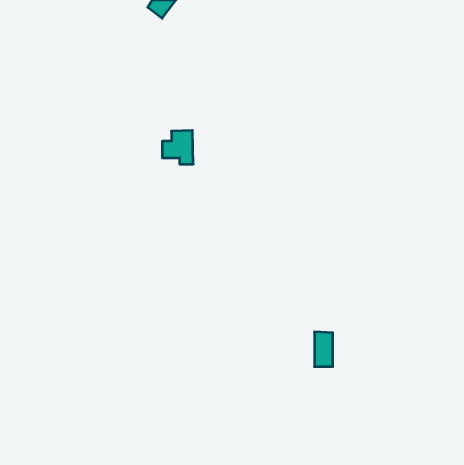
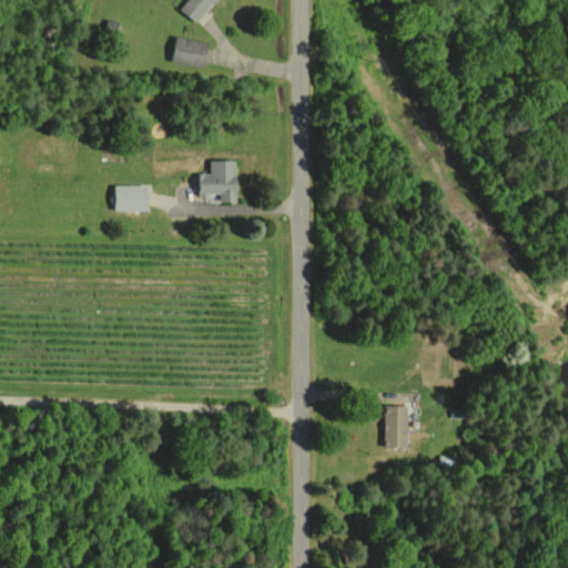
building: none -> [173,37,210,68]
building: none -> [116,185,149,211]

